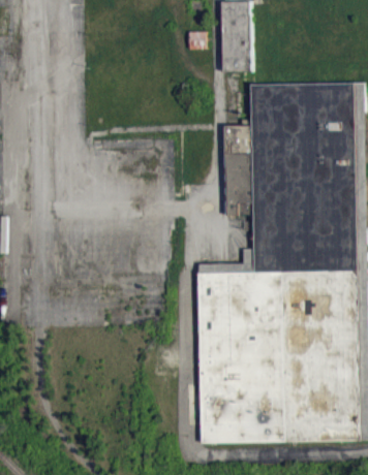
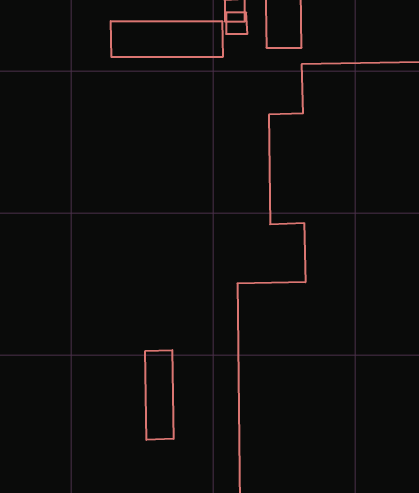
building: none -> [111,21,223,57]
building: none -> [145,350,174,440]

